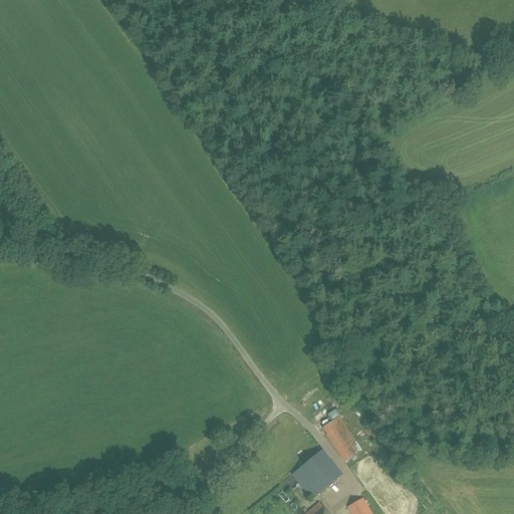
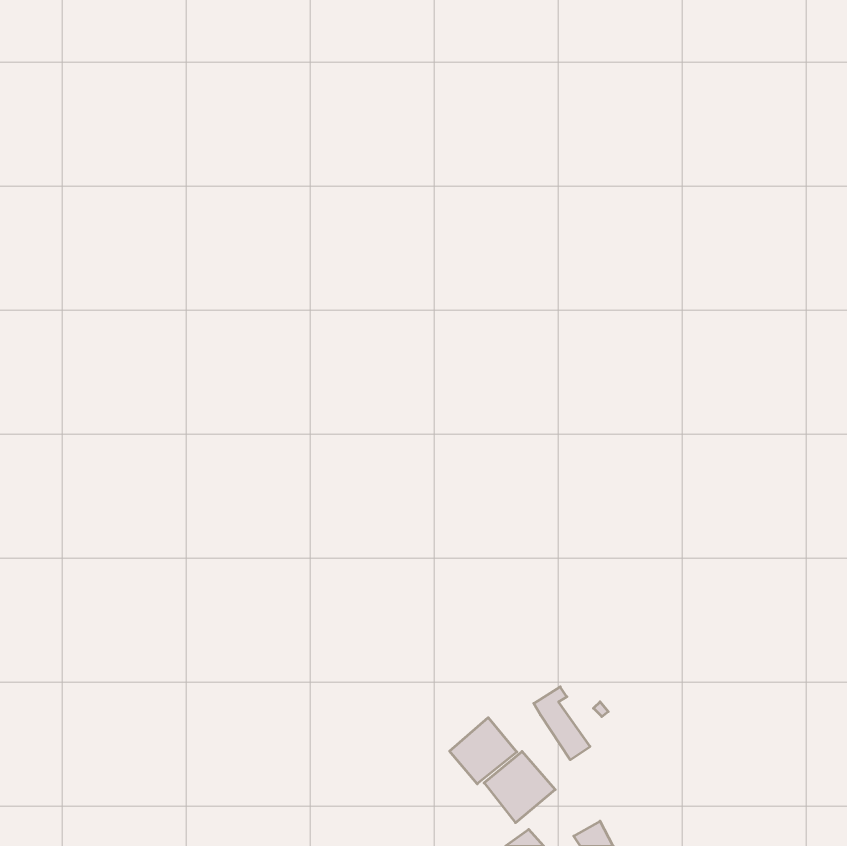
building: none -> [450,718,517,784]

